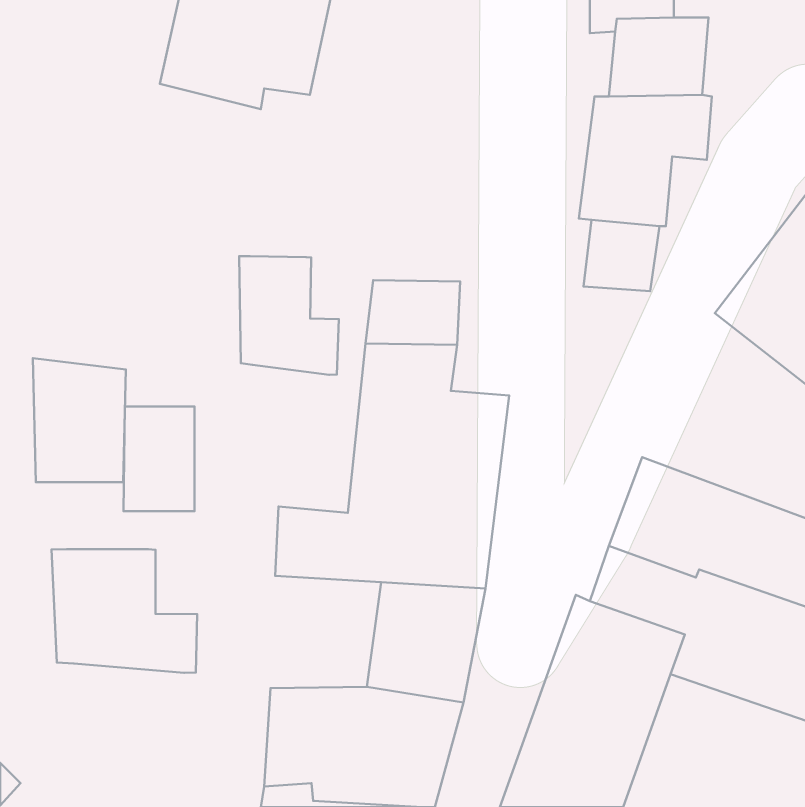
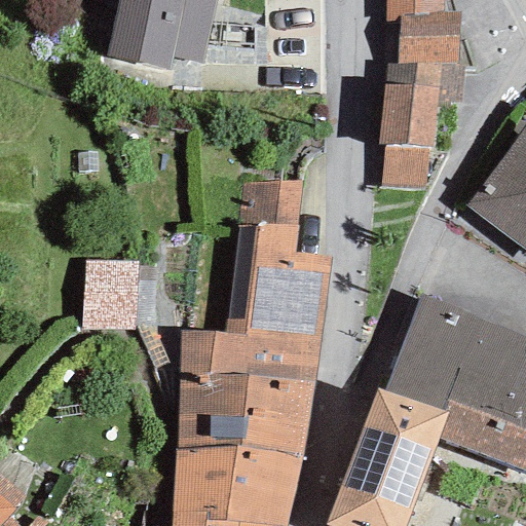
building: [239,256,339,375] -> none
building: [33,358,126,482] -> none
building: [52,549,197,673] -> none
building: none -> [178,374,250,447]

